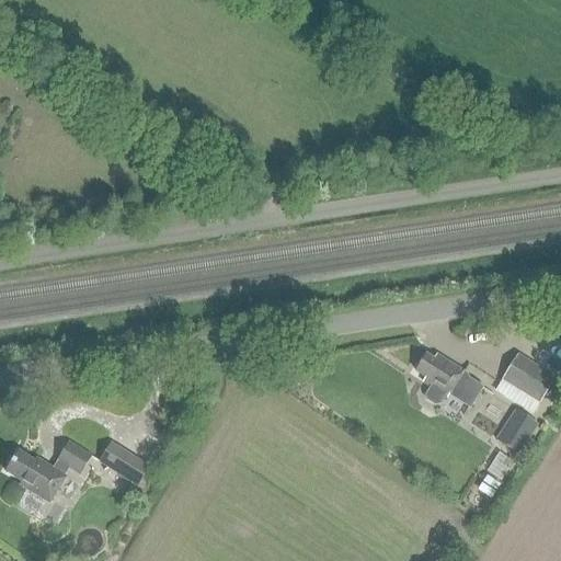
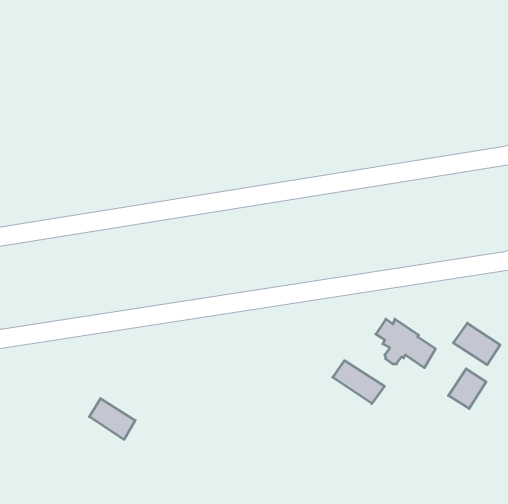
building: none -> [333,361,384,404]
building: [5,439,91,501] -> none

